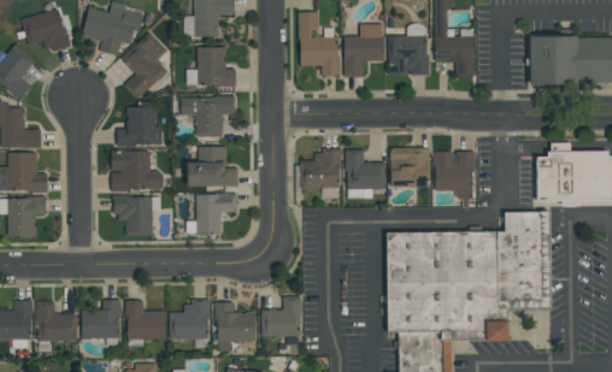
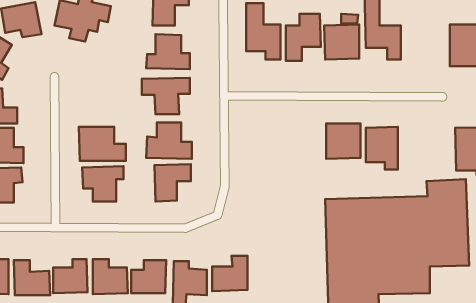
building: [122,34,167,99] -> none
building: [116,107,161,147] -> none
building: [345,149,386,189] -> none
building: [300,150,339,189] -> none

